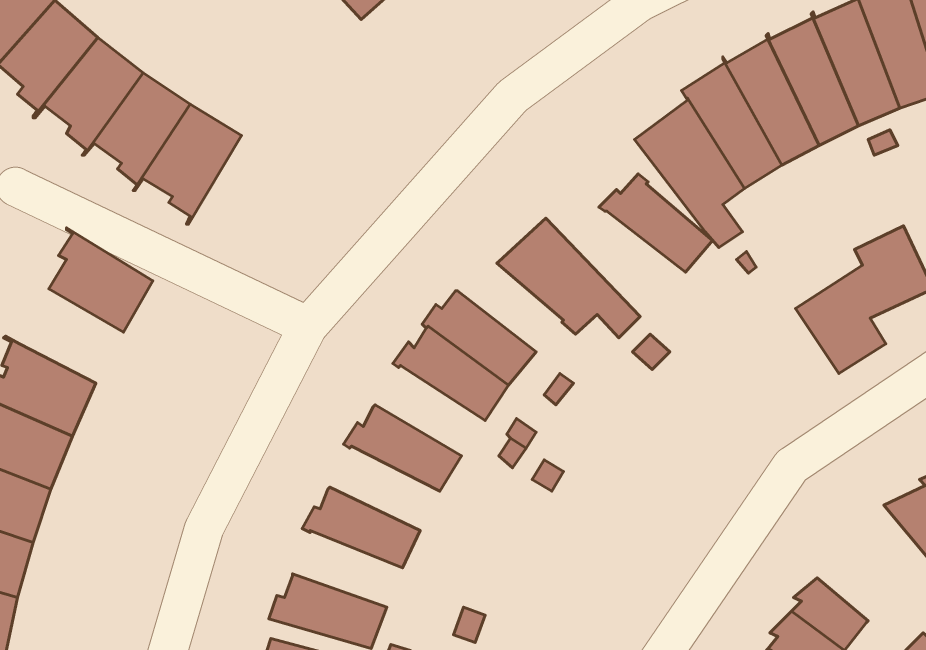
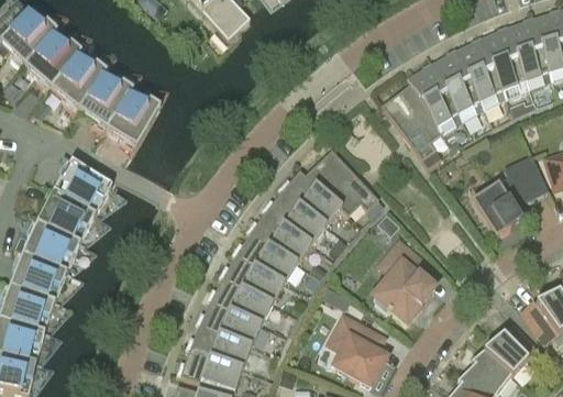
building: [599,174,713,272] -> [278,170,342,225]
building: none -> [37,186,96,243]
building: none -> [232,233,298,284]
building: none -> [374,241,441,323]
building: none -> [207,278,273,326]
building: none -> [333,317,386,386]
building: none -> [484,324,537,377]
building: none -> [186,326,252,368]

